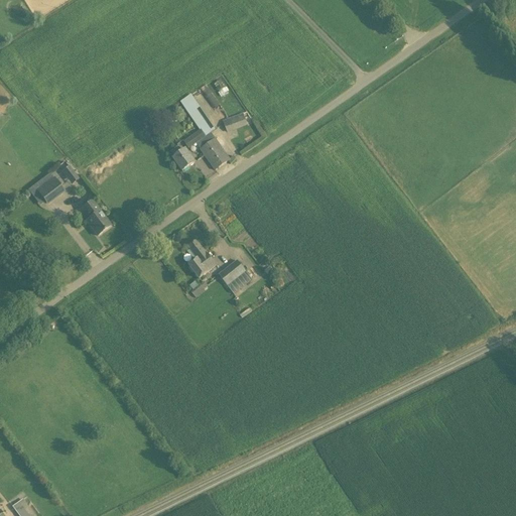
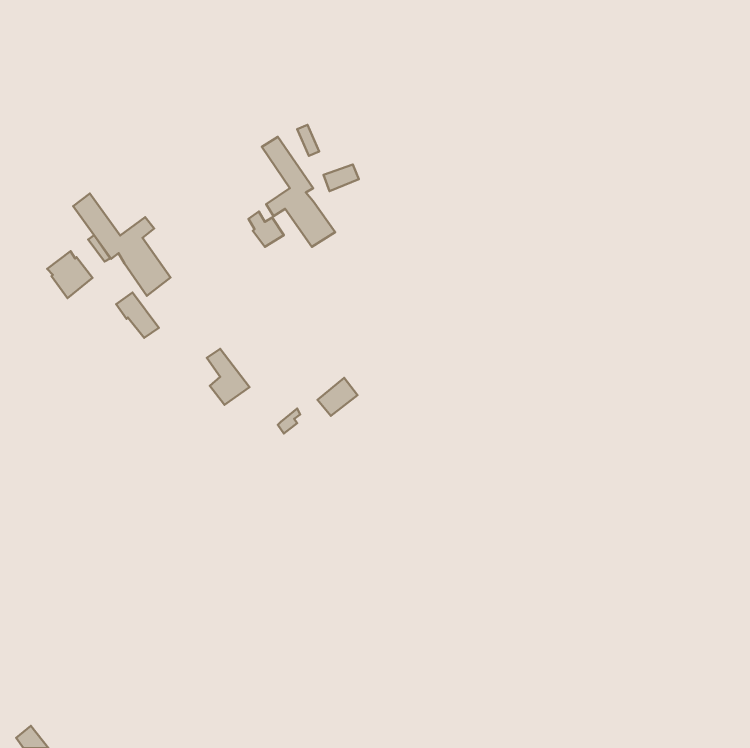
building: none -> [73,193,170,296]
building: [186,239,216,277] -> [207,349,250,405]

